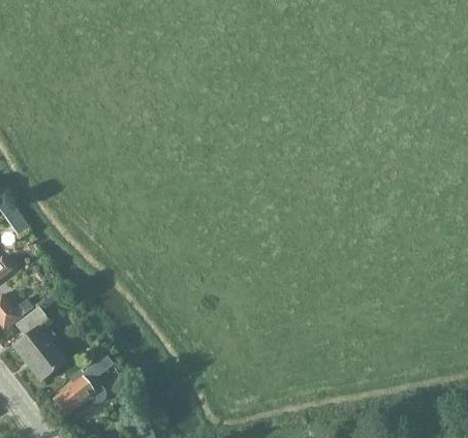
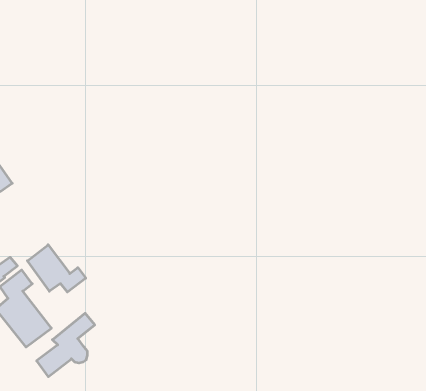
building: none -> [27,245,86,292]

